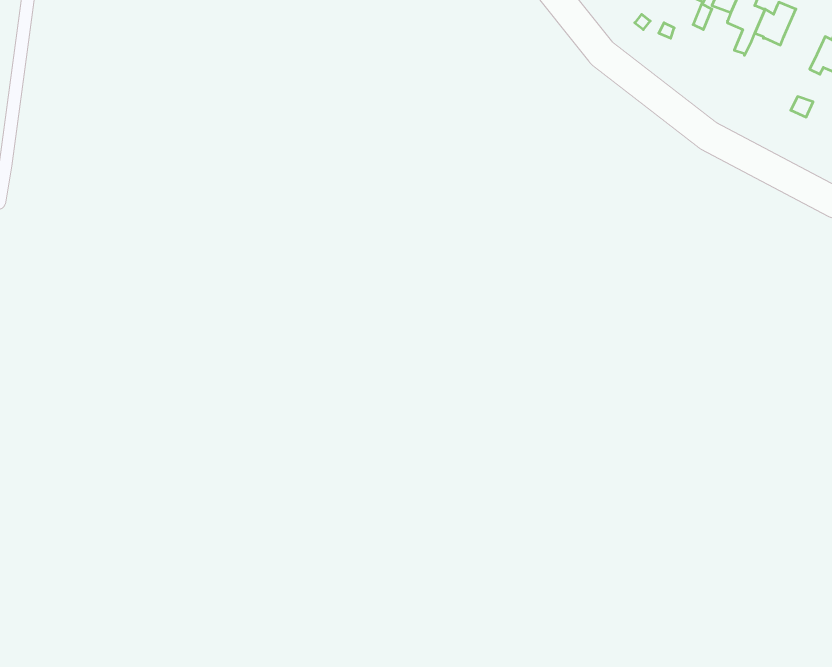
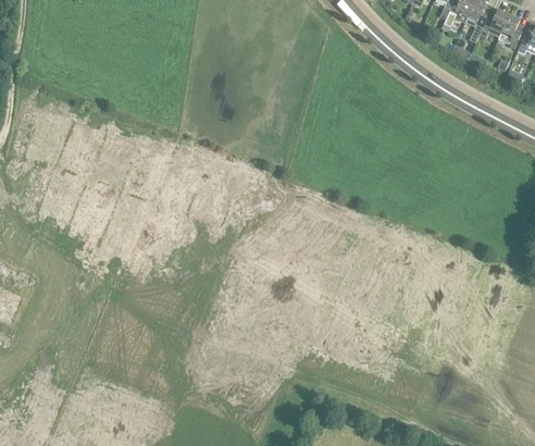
building: none -> [497,12,522,47]

